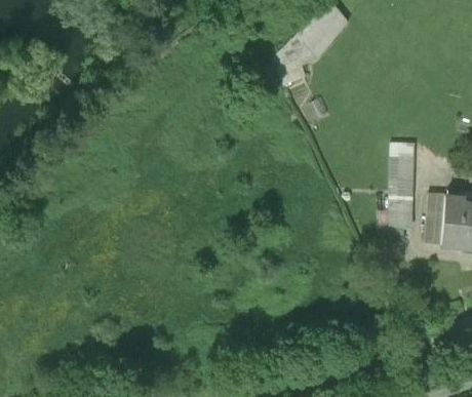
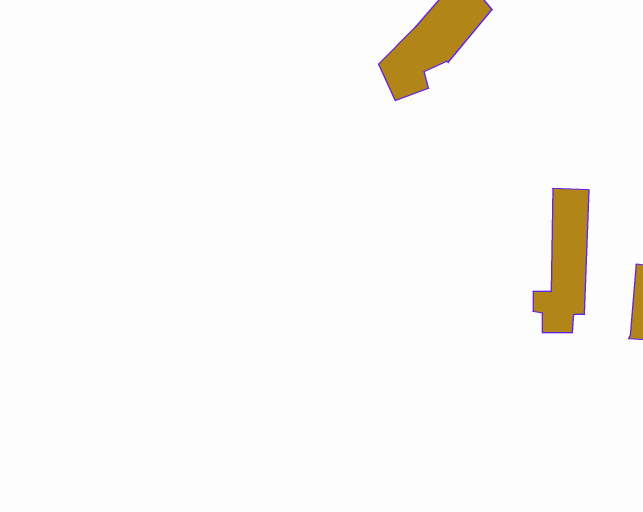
building: [424,193,446,242] -> none

